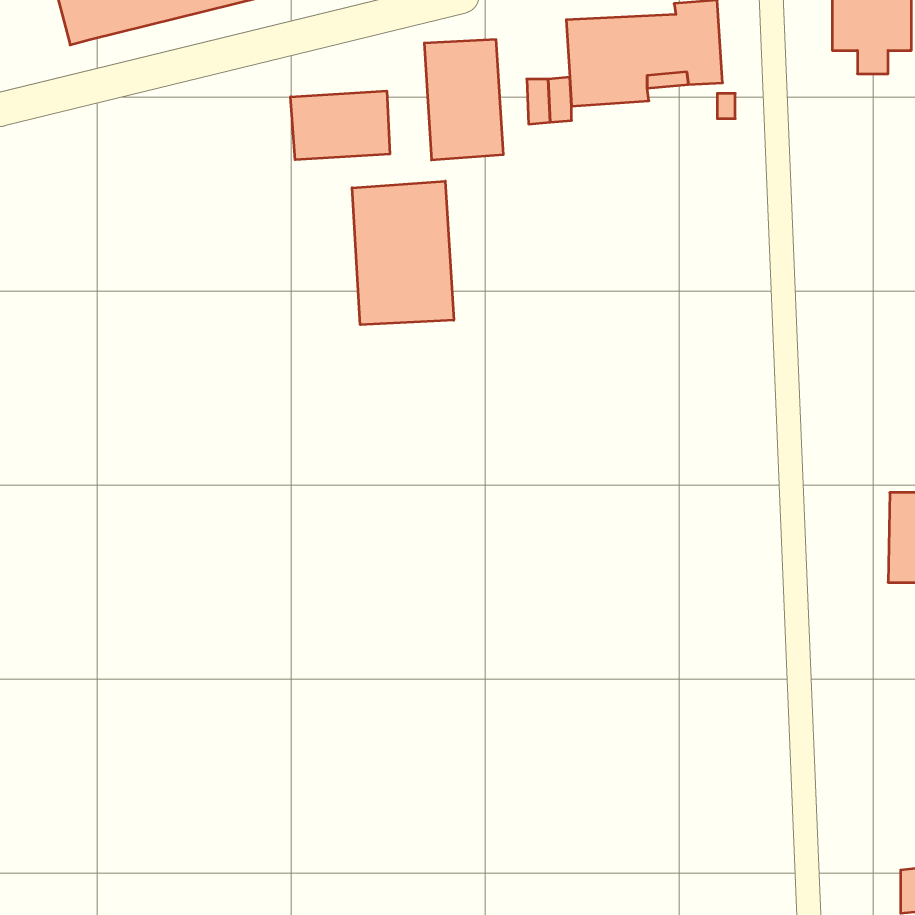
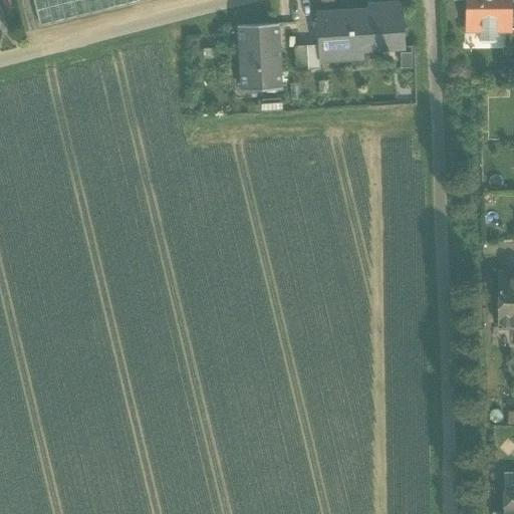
building: [291,91,390,160] -> none
building: [352,181,454,325] -> none

